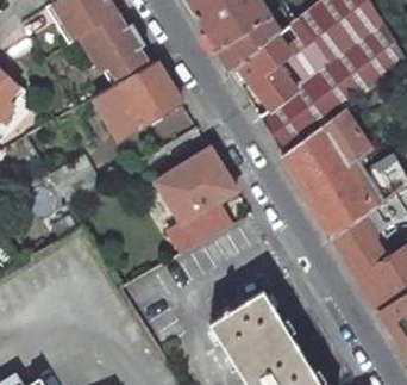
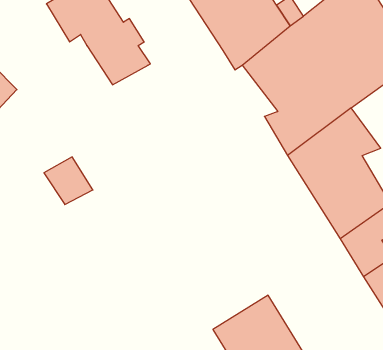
building: [95,62,181,137] -> none
building: [157,149,236,253] -> none

